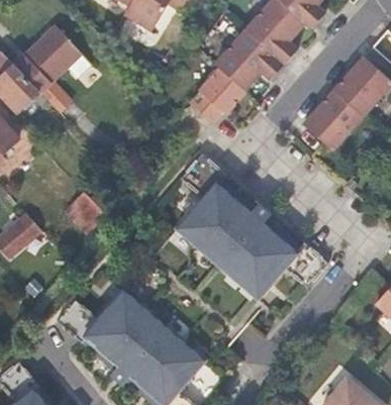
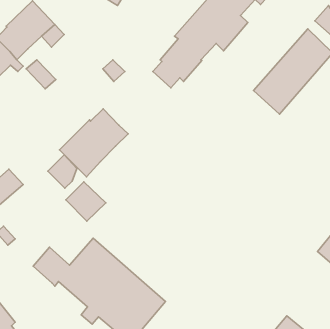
building: none -> [59,109,128,177]
building: [175,154,327,300] -> none
building: none -> [66,182,106,221]

